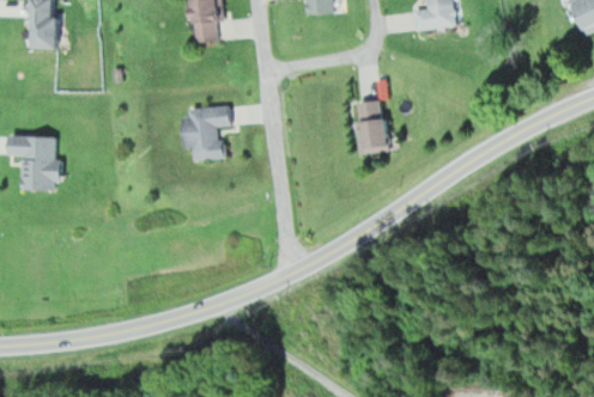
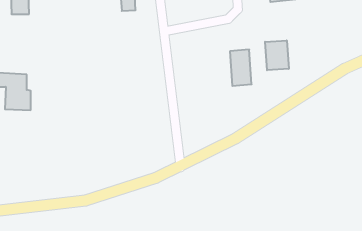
building: none -> [265,40,289,70]
building: [183,106,228,159] -> none

